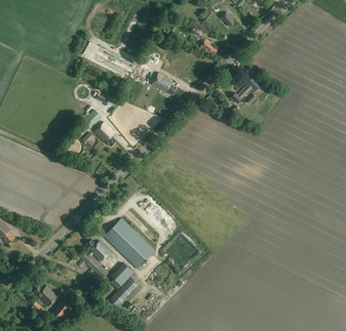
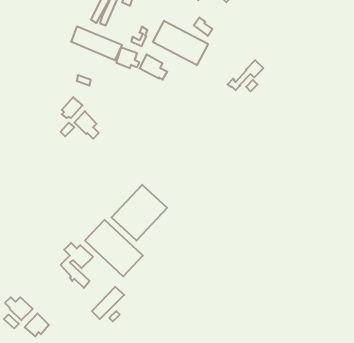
building: none -> [153,21,208,65]
building: none -> [111,185,167,241]

